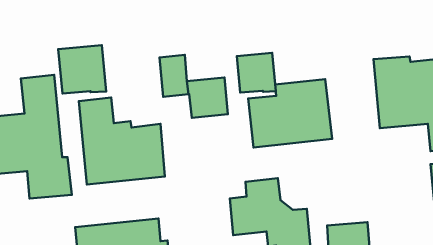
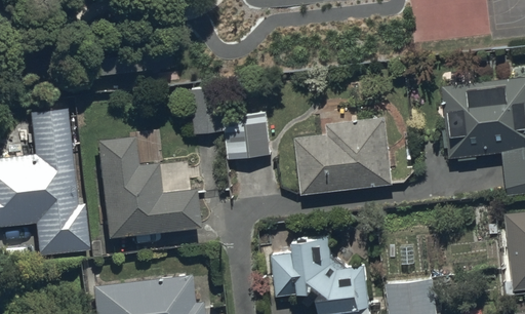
building: [58,45,106,93] -> none
building: [237,53,276,93] -> none

